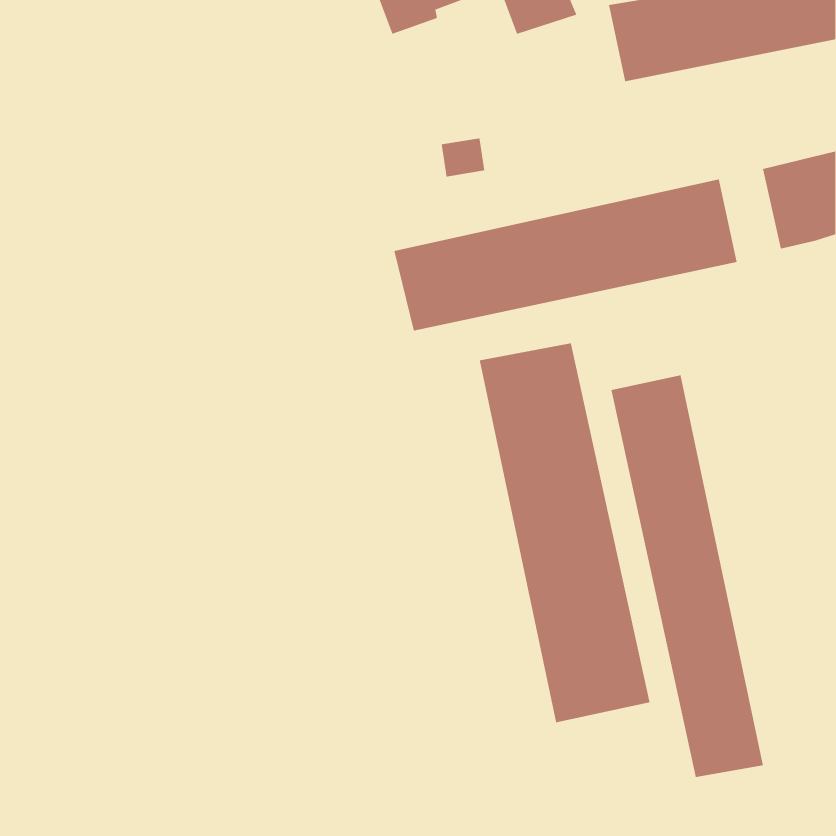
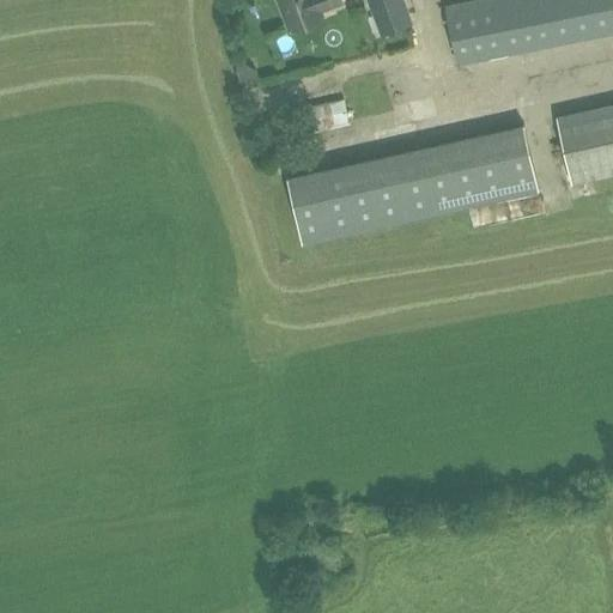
building: [479,342,650,723] -> none
building: [611,375,764,778] -> none

